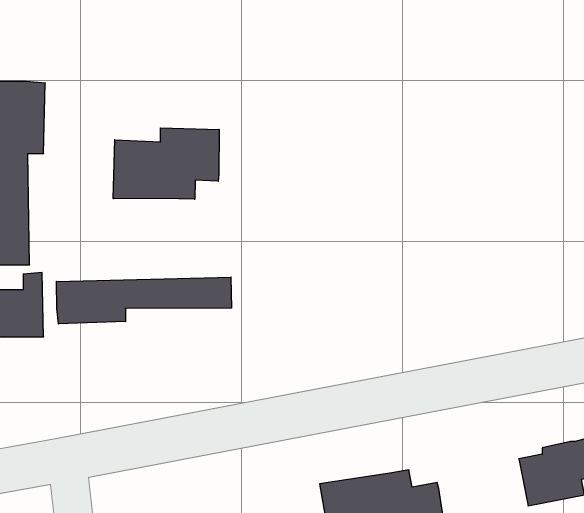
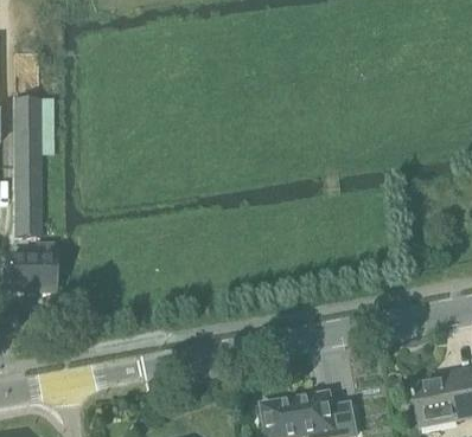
building: [113,128,219,199] -> none
building: [56,277,231,324] -> none

